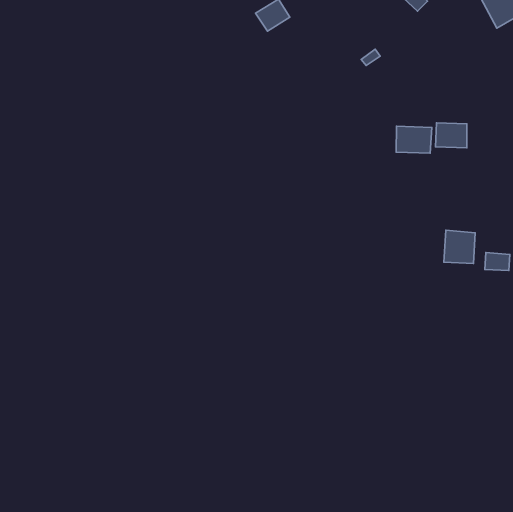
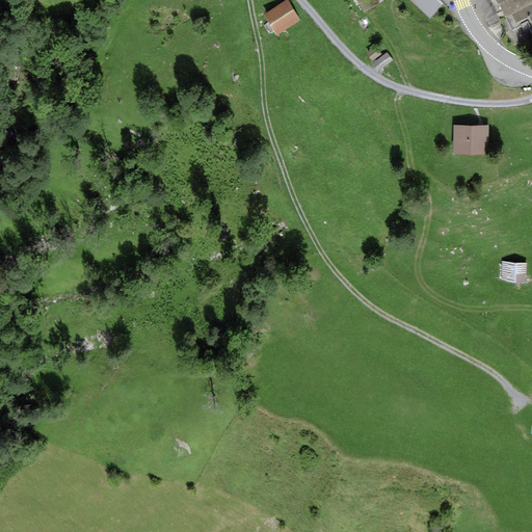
building: [396,126,432,153] -> none
building: [444,230,475,264] -> none

